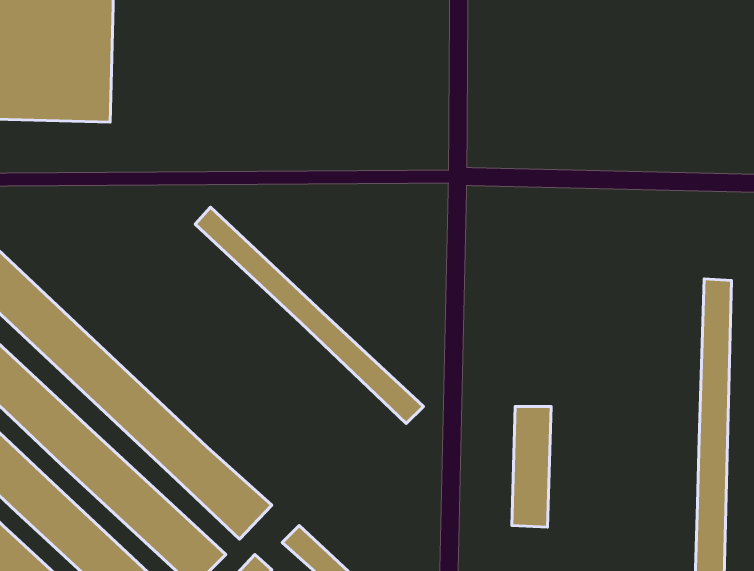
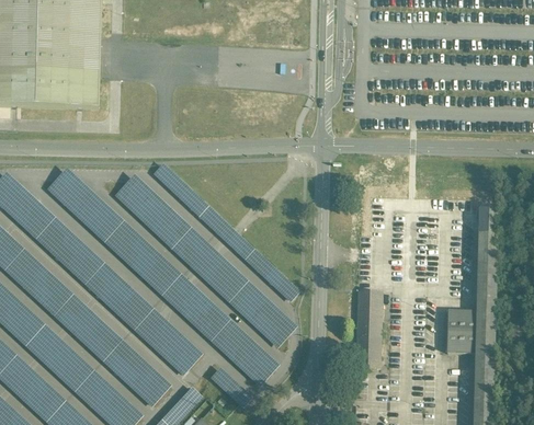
building: none -> [45,166,276,386]
building: none -> [113,173,295,347]
building: none -> [445,309,476,352]

